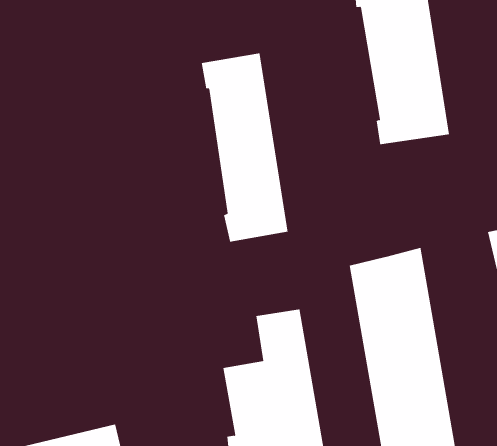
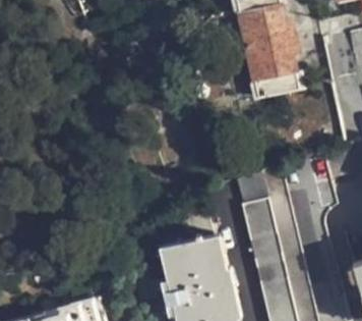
building: [201,52,288,242] -> none

